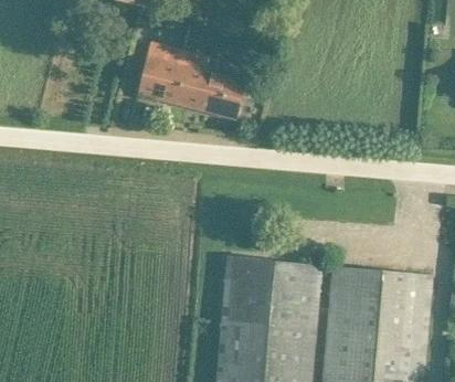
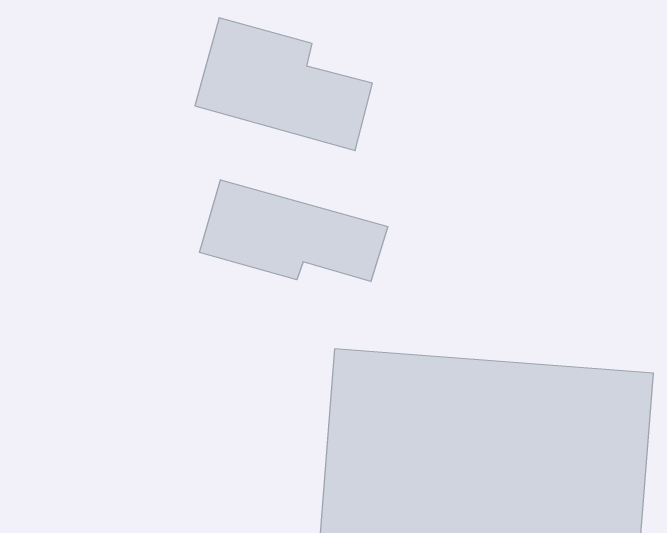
building: none -> [200,180,388,282]

